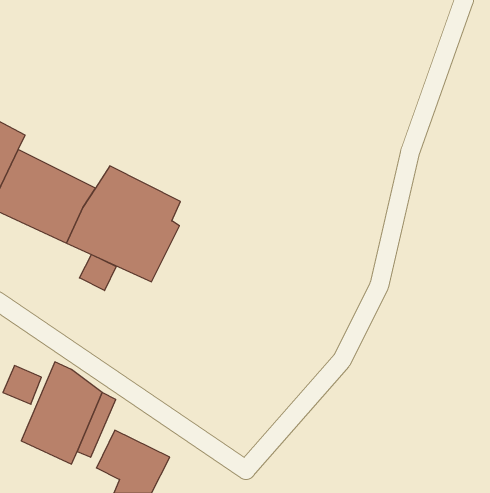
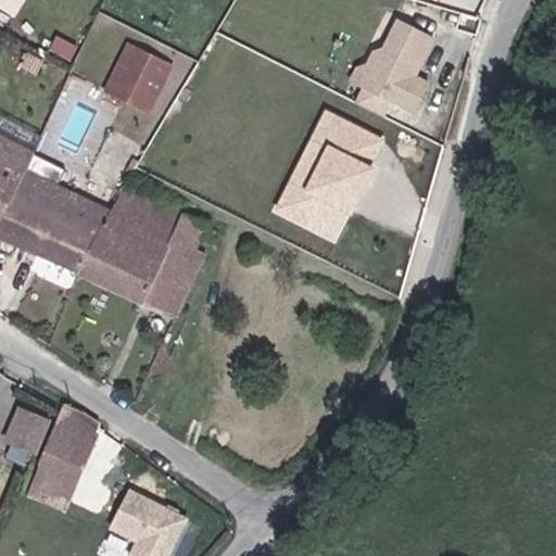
building: none -> [350,15,435,118]
building: none -> [99,42,170,115]
building: none -> [276,105,390,241]
building: [79,255,116,291] -> none

